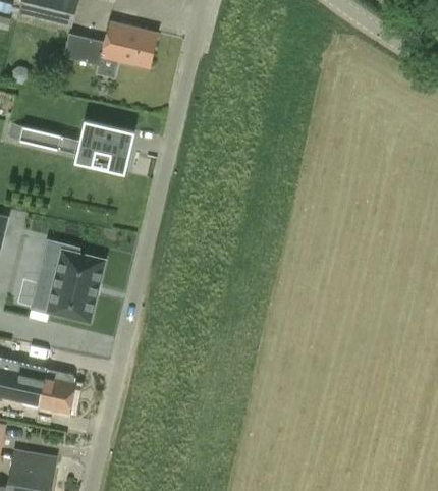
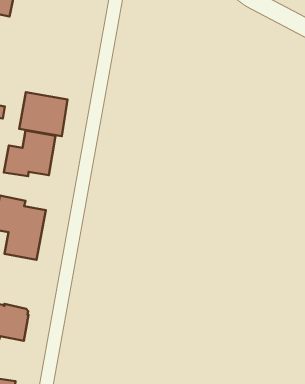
building: [63,21,158,78] -> none
building: none -> [4,131,55,176]

